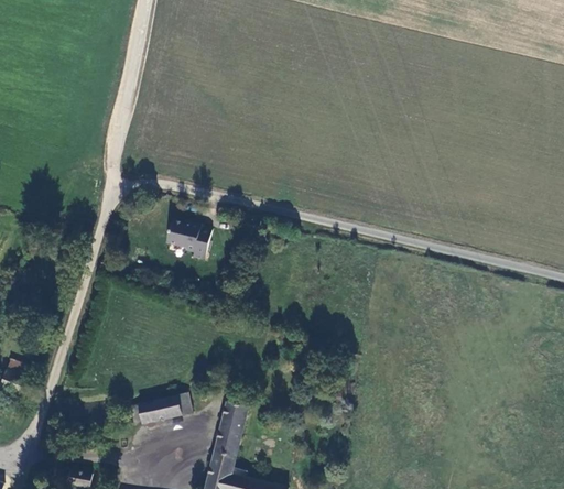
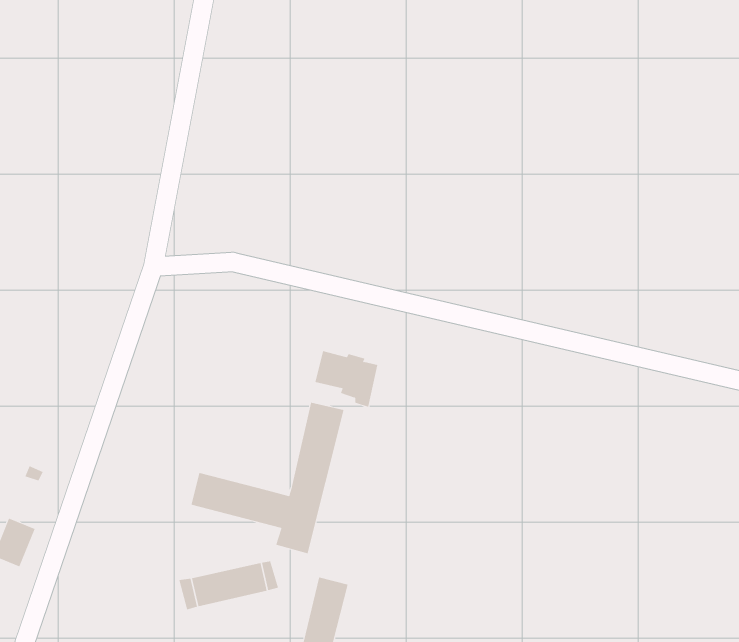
building: [166,218,210,258] -> [315,350,378,408]
building: none -> [191,402,344,554]

